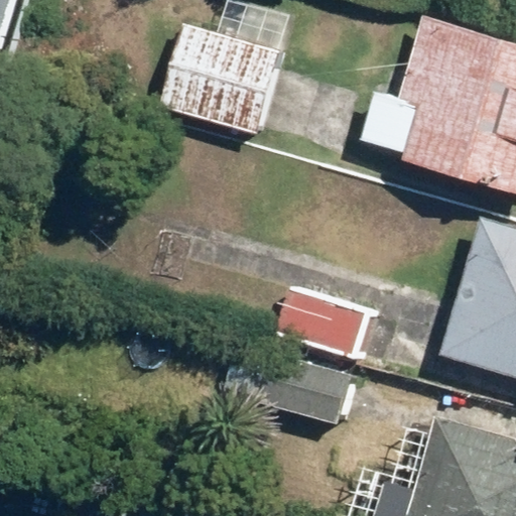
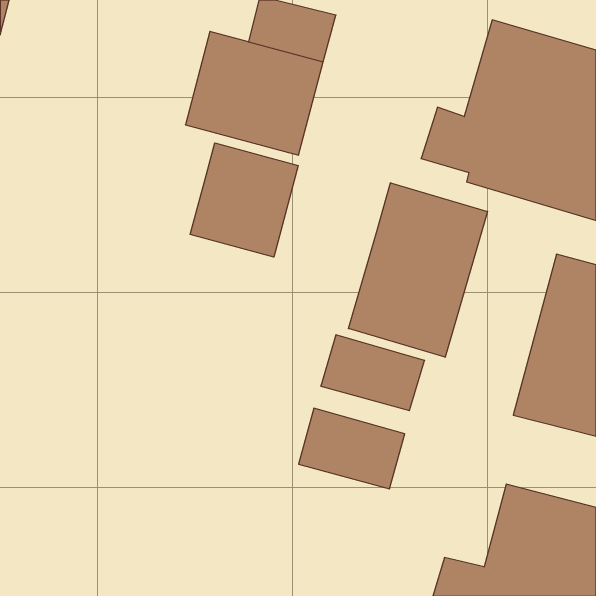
building: none -> [190,143,298,257]
building: none -> [348,183,487,357]

